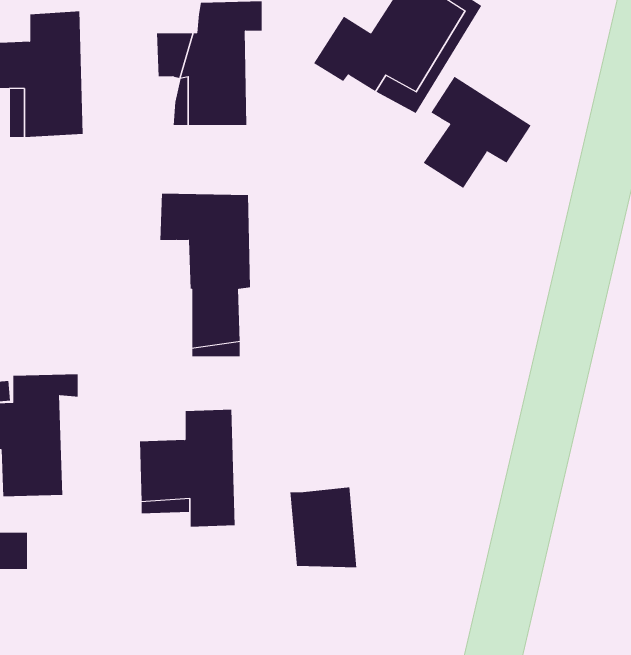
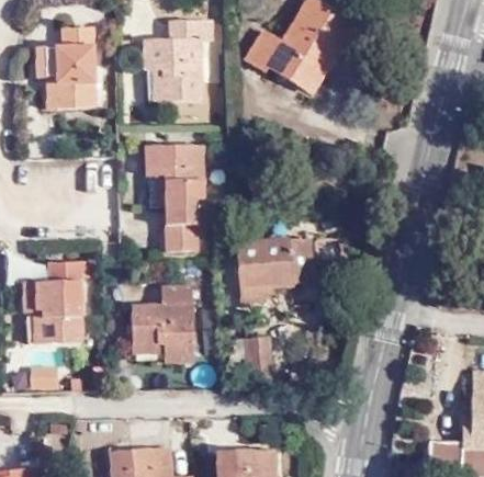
building: [423,76,531,189] -> none
building: none -> [237,237,316,308]

